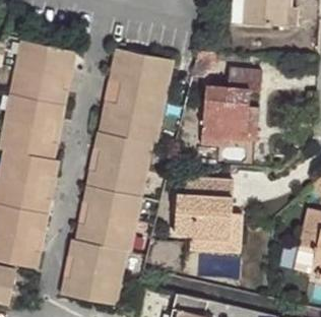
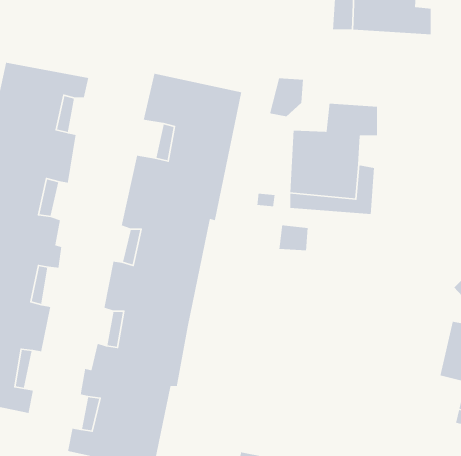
building: [175,178,242,252] -> none

